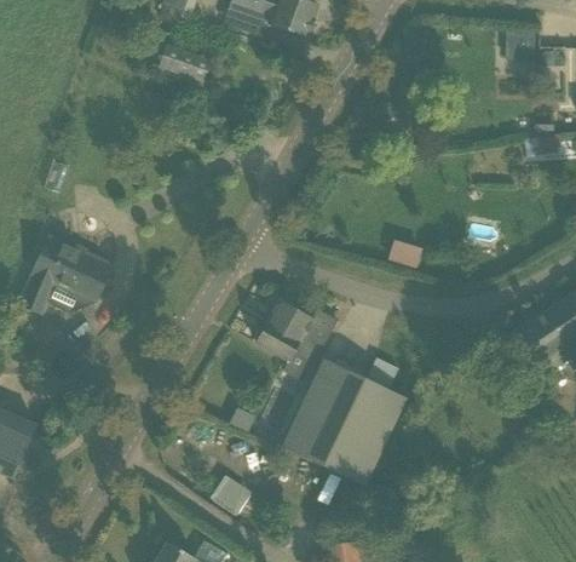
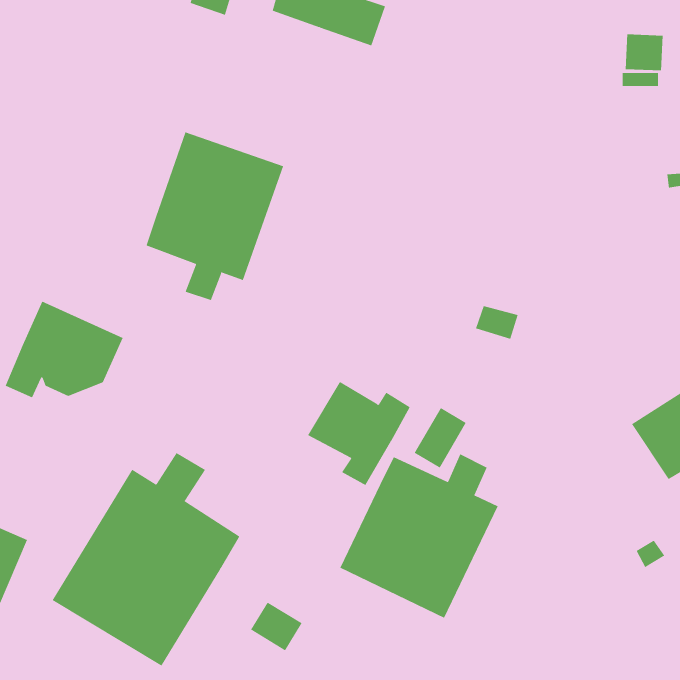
building: [159,42,212,82] -> none
building: none -> [146,132,284,301]
building: none -> [414,407,467,468]
building: none -> [52,452,240,667]

